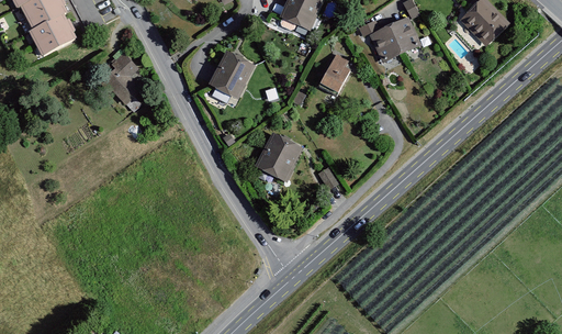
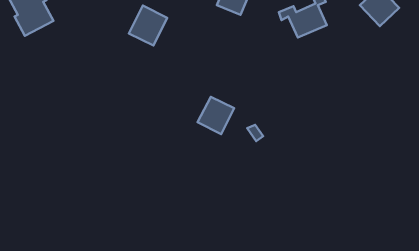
building: [207,49,256,100] -> [129,6,167,46]
building: [99,52,142,107] -> none
building: [317,52,350,96] -> none

